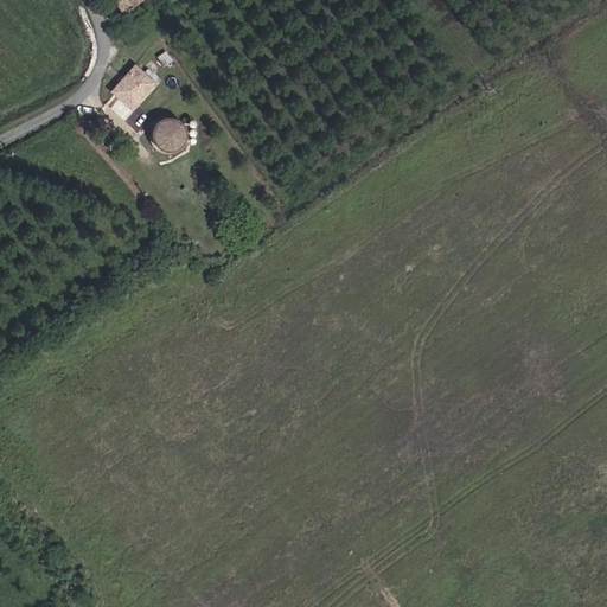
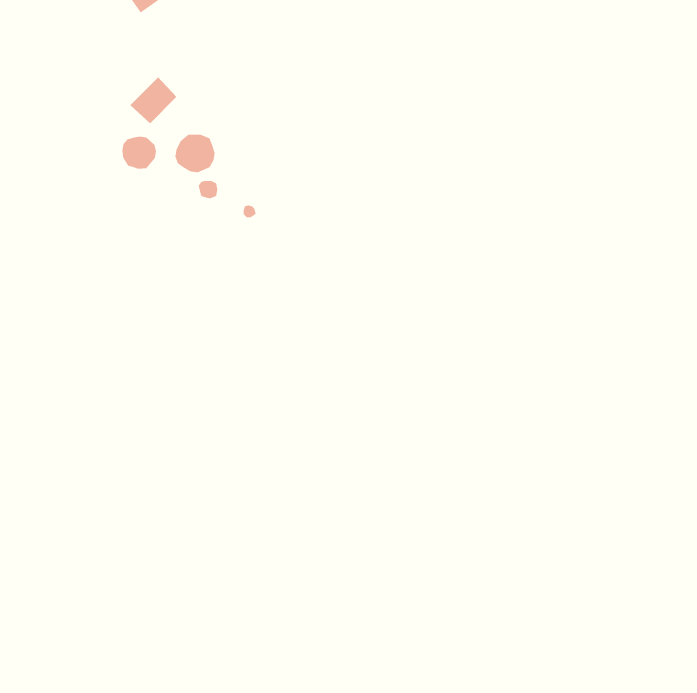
building: none -> [122,136,157,169]

